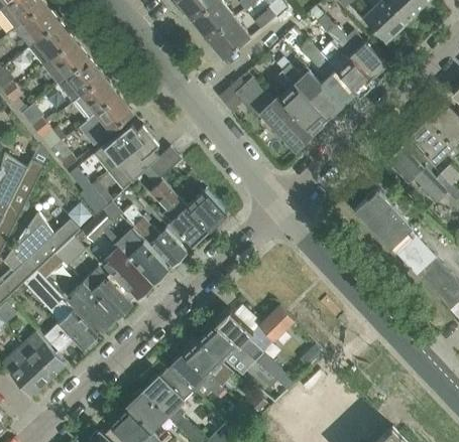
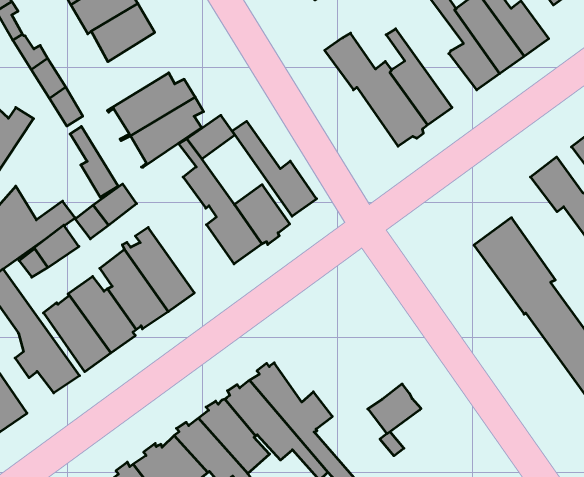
building: [281,65,342,121] -> none
building: [89,97,133,139] -> none
building: [123,206,187,267] -> [232,121,317,216]
building: [258,306,295,341] -> [368,384,421,434]

